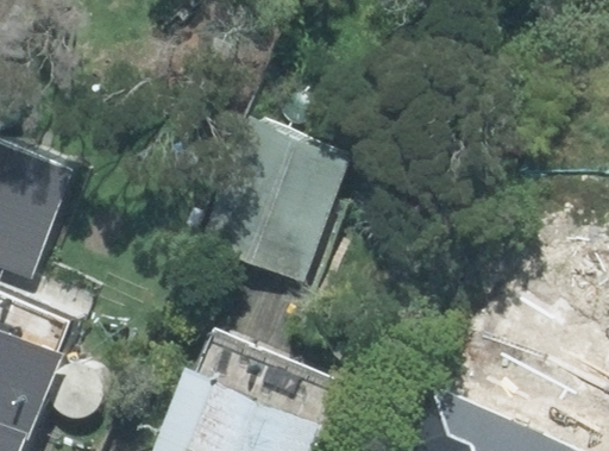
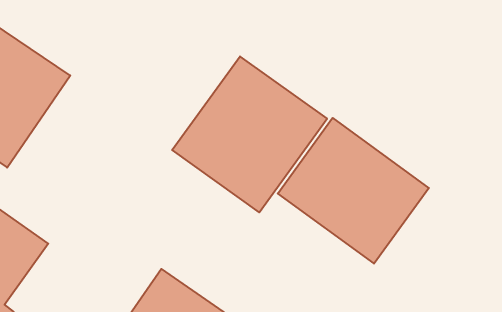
building: none -> [278,118,429,264]

